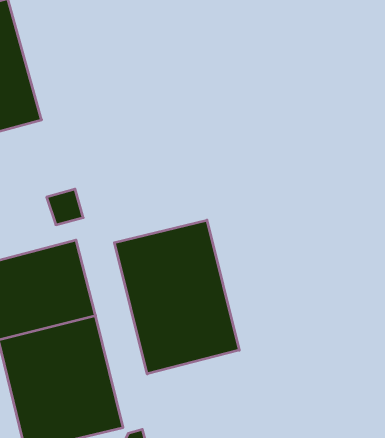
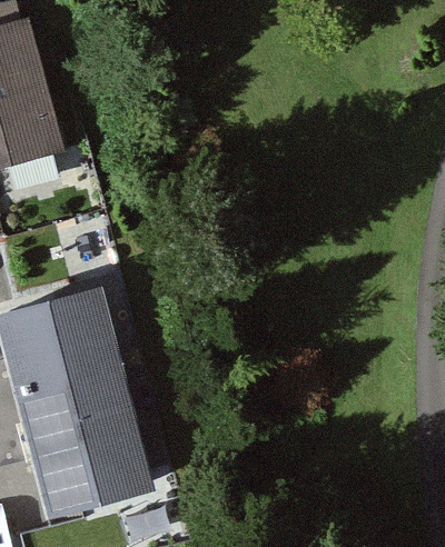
building: [114,220,239,374] -> none

